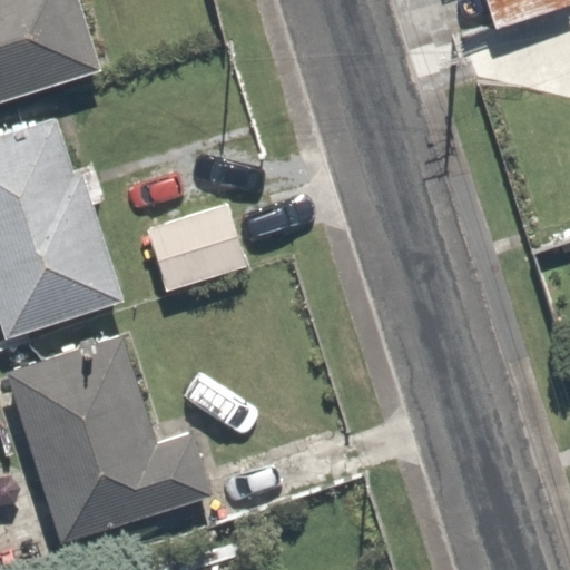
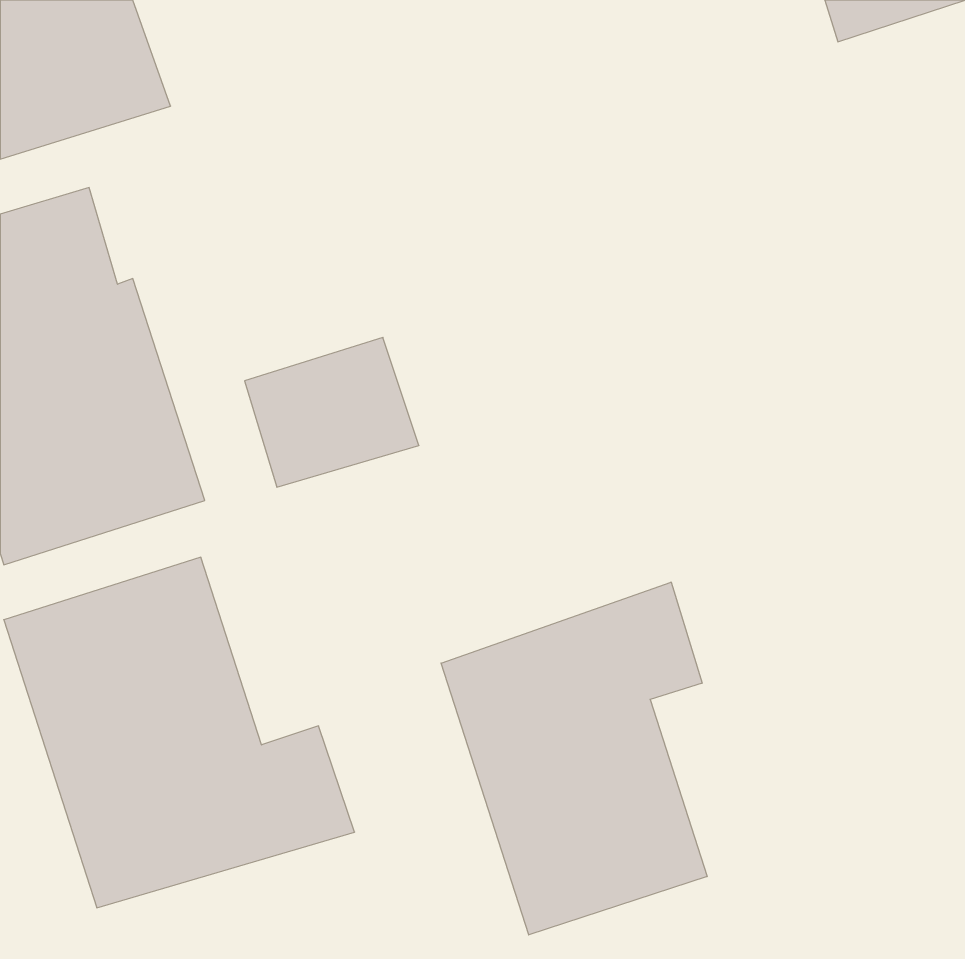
building: none -> [441,582,707,935]

